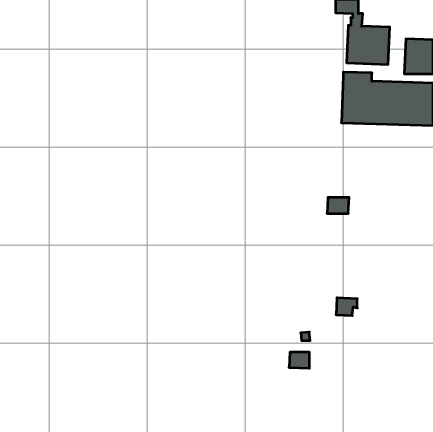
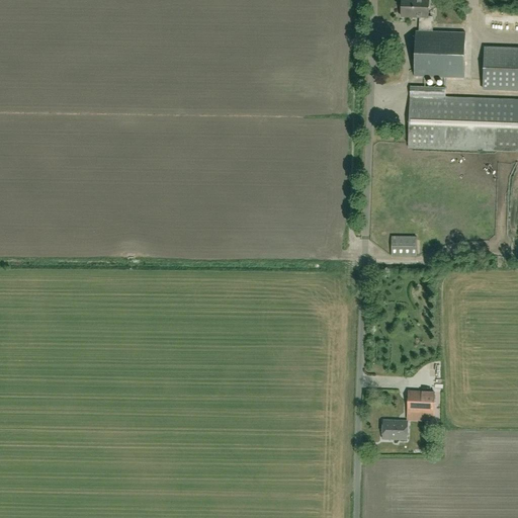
building: [336,298,357,316] -> [408,391,433,412]
building: [289,352,309,368] -> [382,420,407,439]

